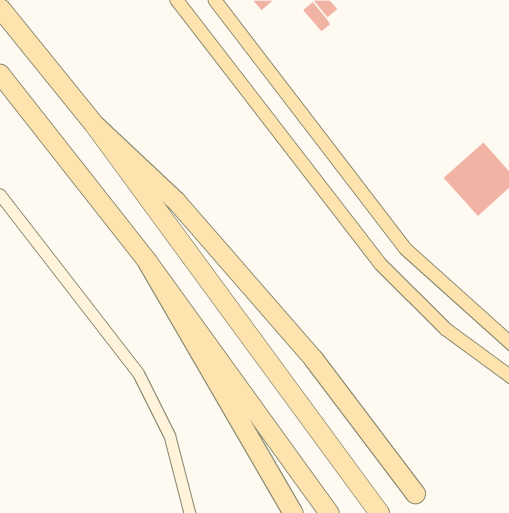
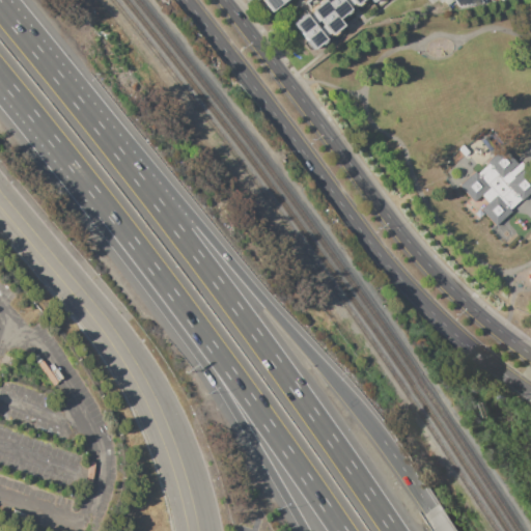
building: none -> [297,15,330,50]

